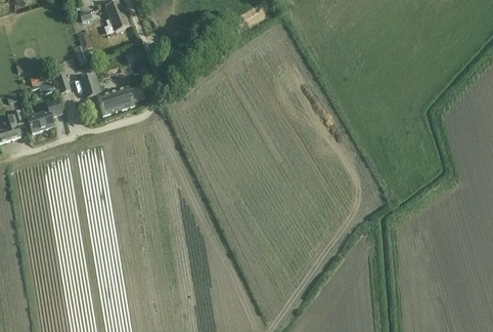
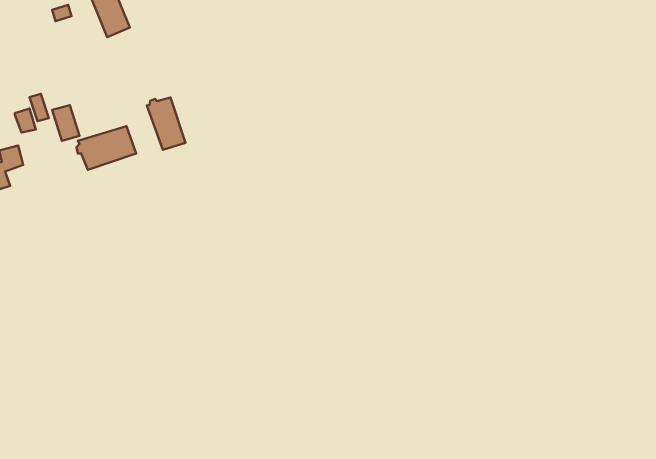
building: none -> [147,98,186,150]

